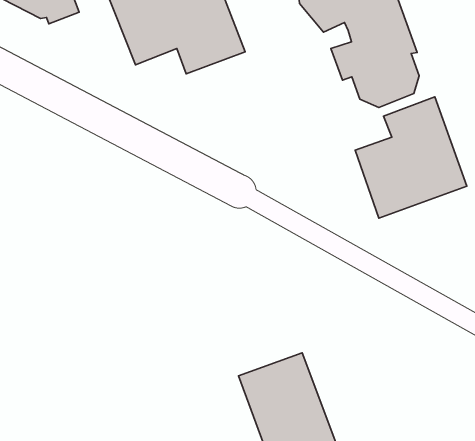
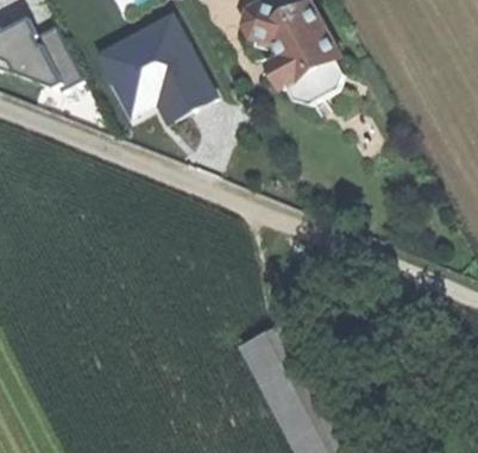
building: [355,97,467,218] -> none

